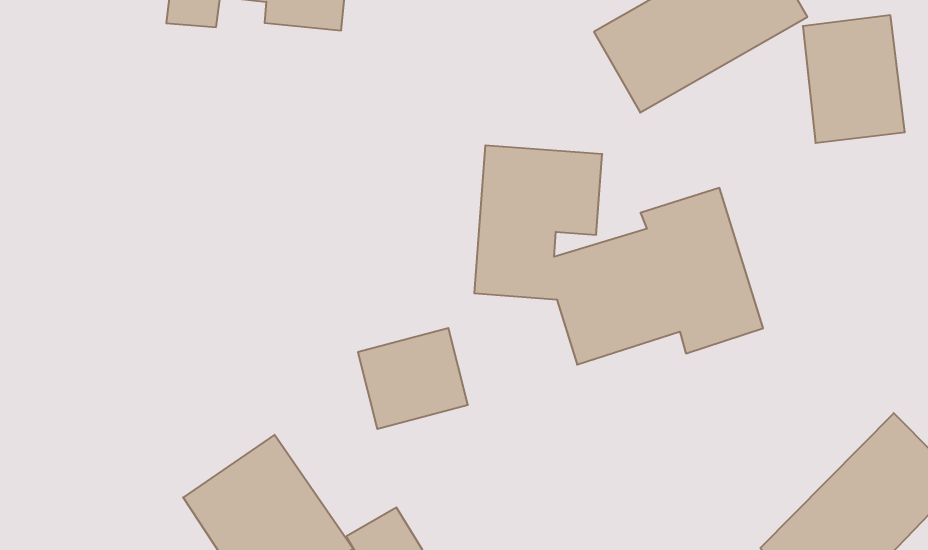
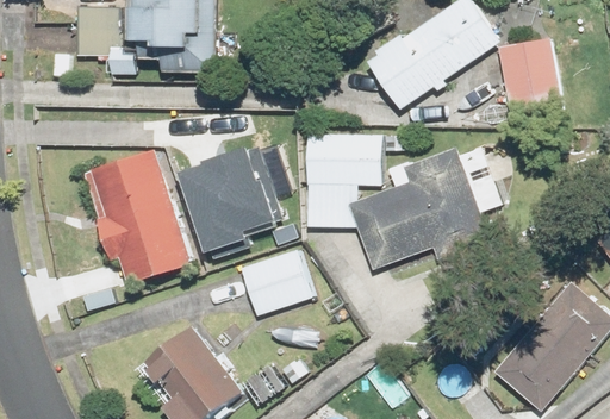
building: none -> [83,148,193,284]
building: none -> [175,142,276,246]

